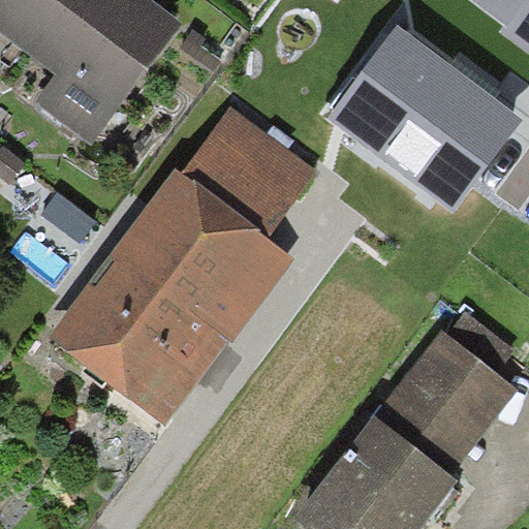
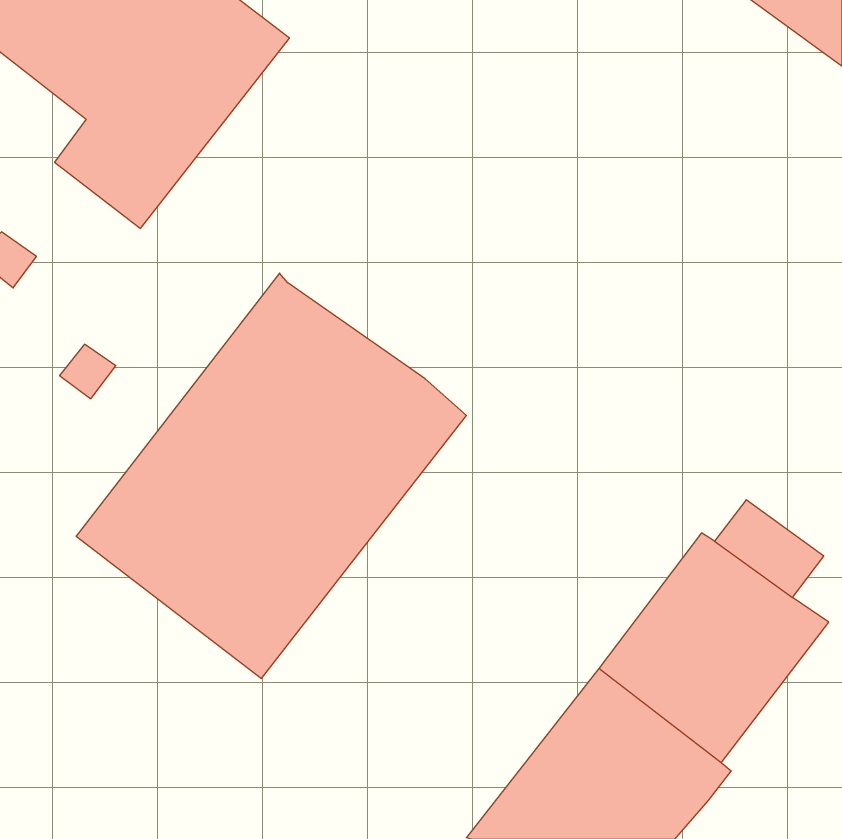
building: [334,30,519,207] -> none
building: [180,108,314,237] -> none

